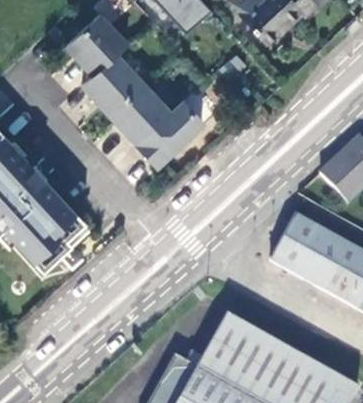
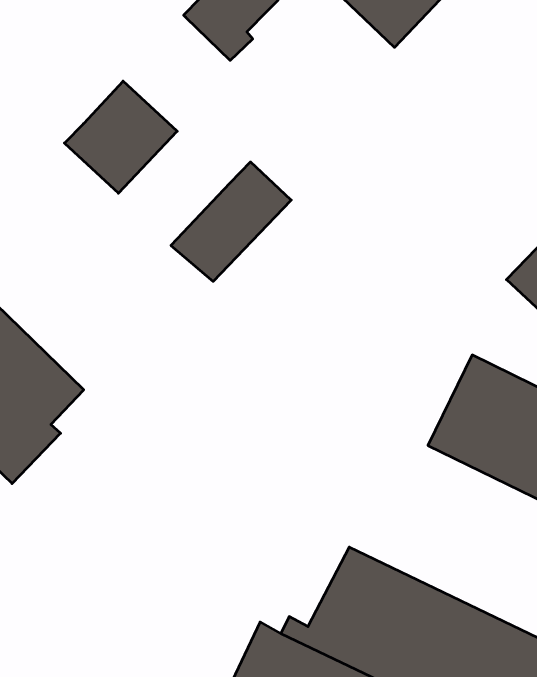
building: [67,16,128,76] -> none
building: [111,83,172,145] -> none

